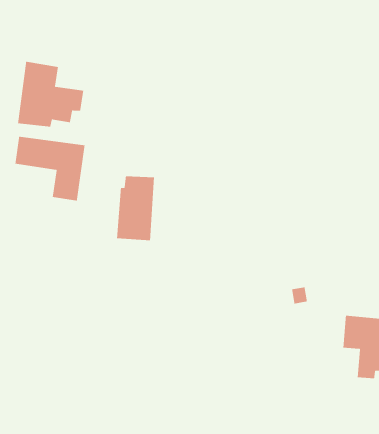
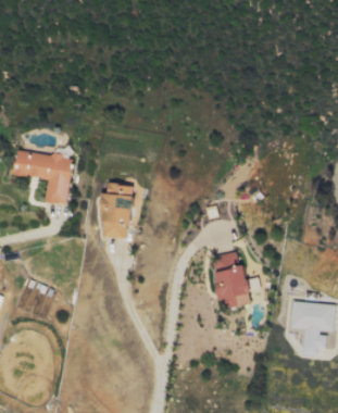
building: [17,61,84,128] -> none
building: none -> [211,252,249,308]

